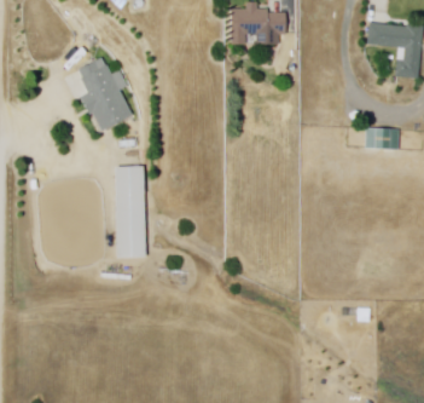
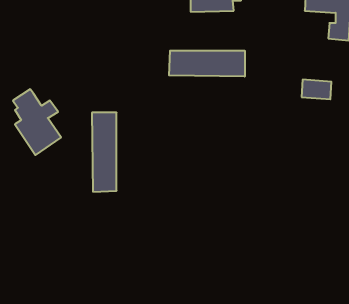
building: [79,54,135,132] -> [13,89,61,155]
building: none -> [169,51,245,77]

